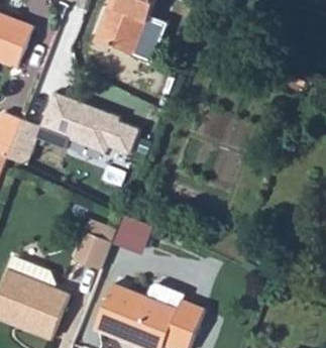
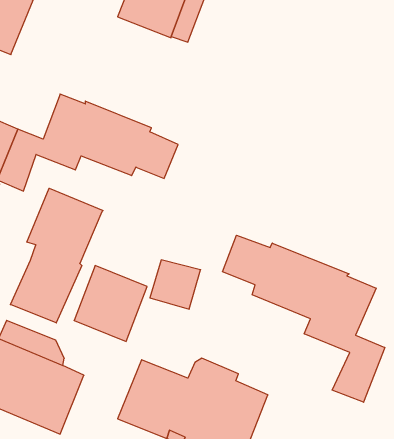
building: none -> [10,188,103,323]
building: none -> [222,235,385,402]

